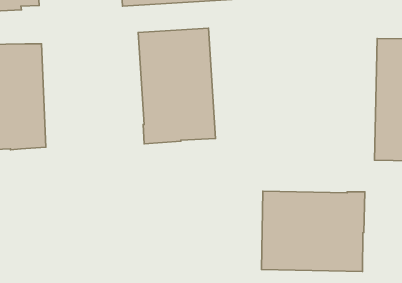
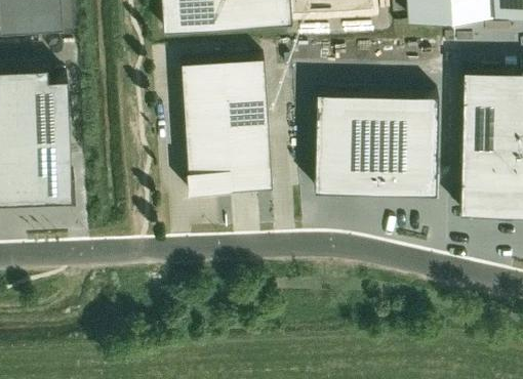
building: none -> [314,95,438,197]
building: [262,191,365,271] -> none

